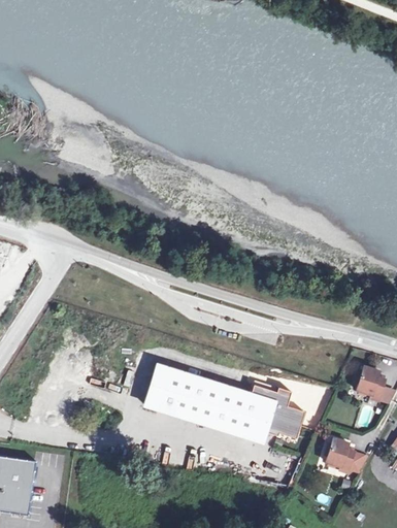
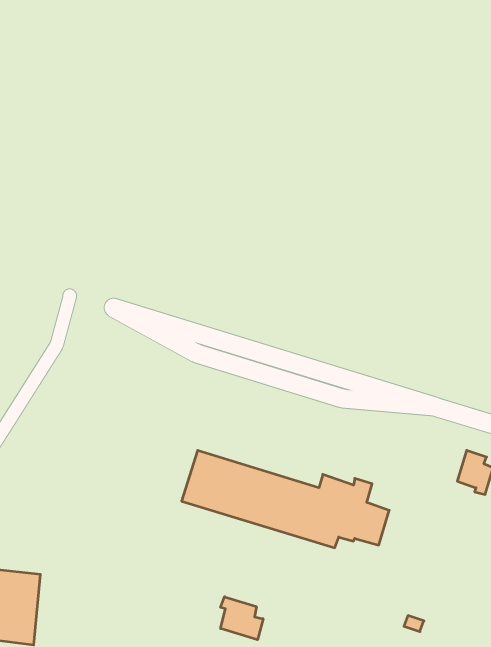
building: [326,436,369,471] -> none
building: none -> [221,597,263,640]

